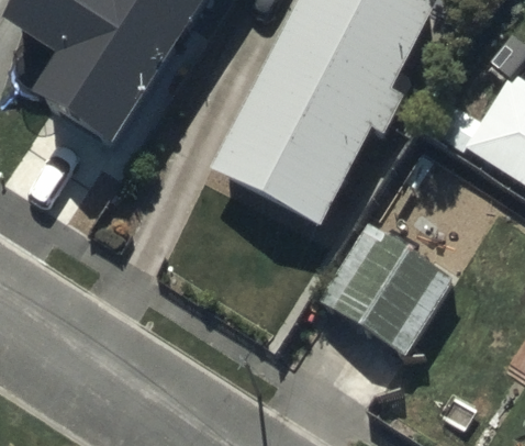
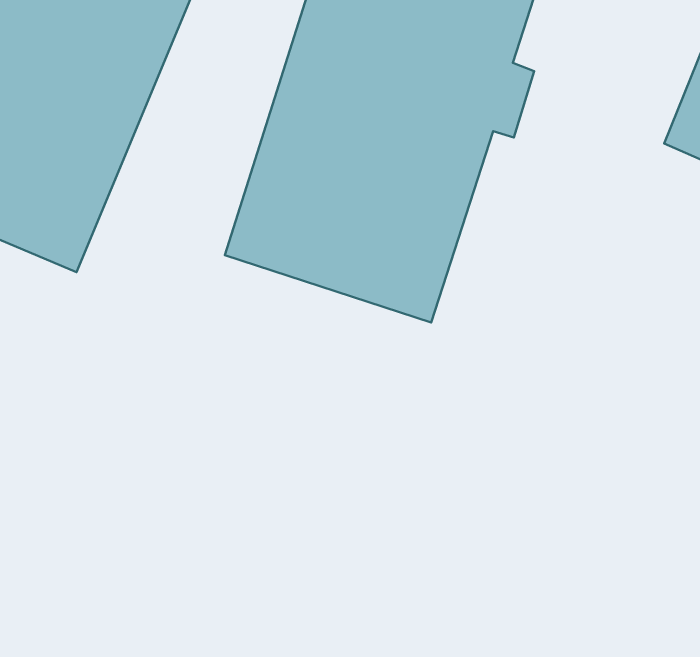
building: [320,211,457,355] -> none

